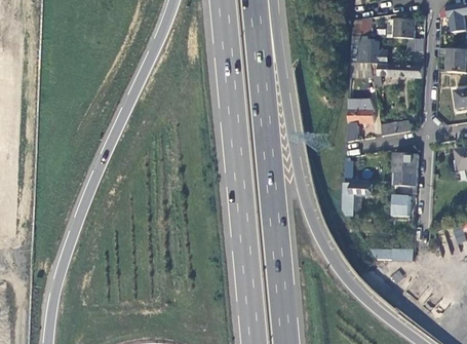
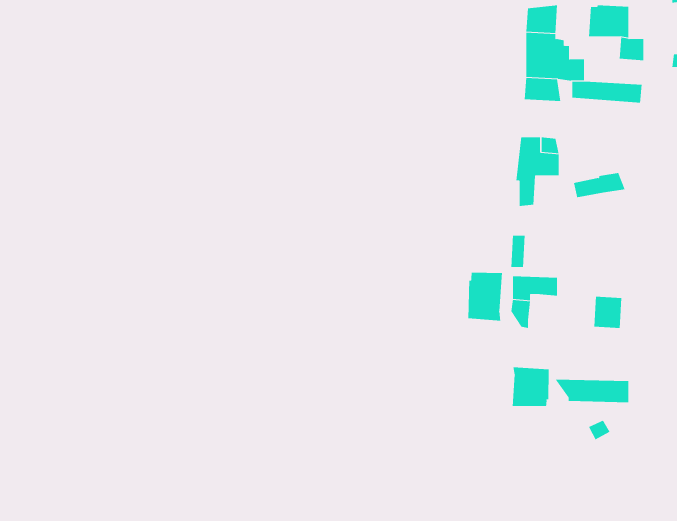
building: [393,153,418,187] -> none
building: none -> [468,272,503,322]
building: none -> [512,367,549,407]

